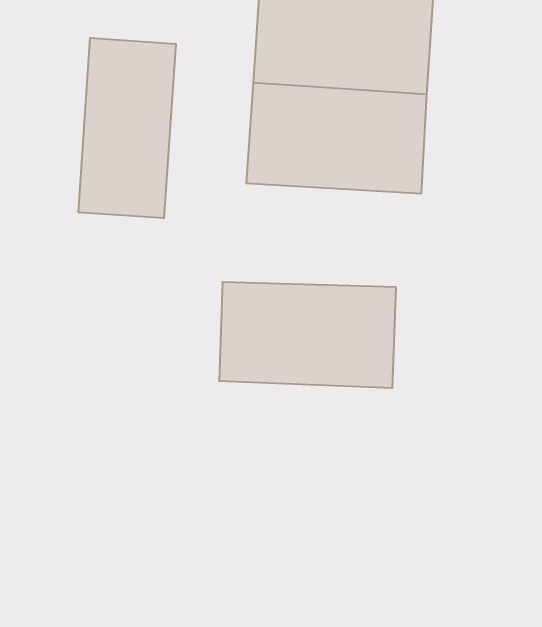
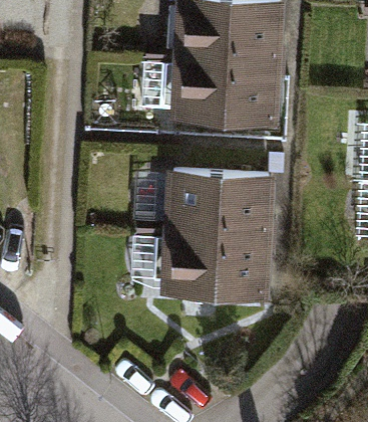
building: [78,38,176,218] -> none
building: none -> [154,232,259,295]

